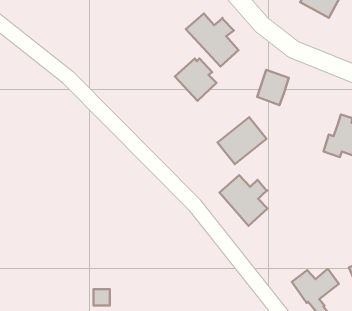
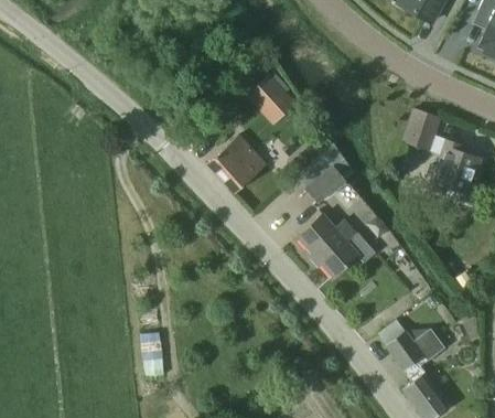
building: [186,14,238,67] -> none
building: [257,70,289,105] -> [401,108,440,151]
building: none -> [207,136,266,193]

